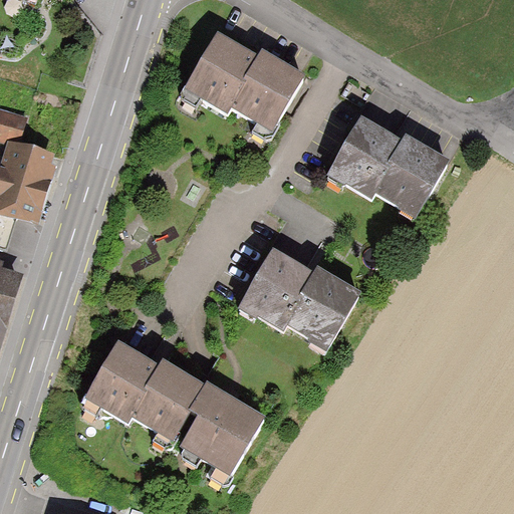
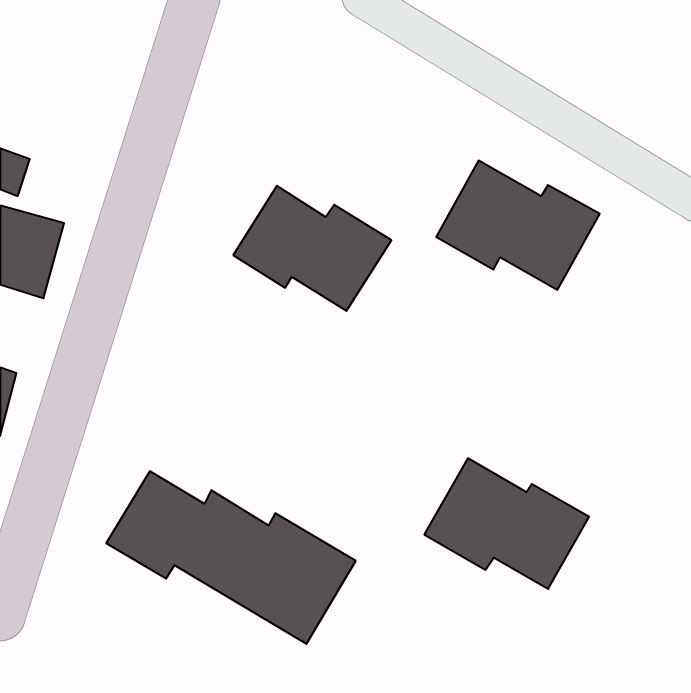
building: [186,34,302,126] -> [233,186,391,311]
building: [236,250,357,346] -> [424,458,589,589]

